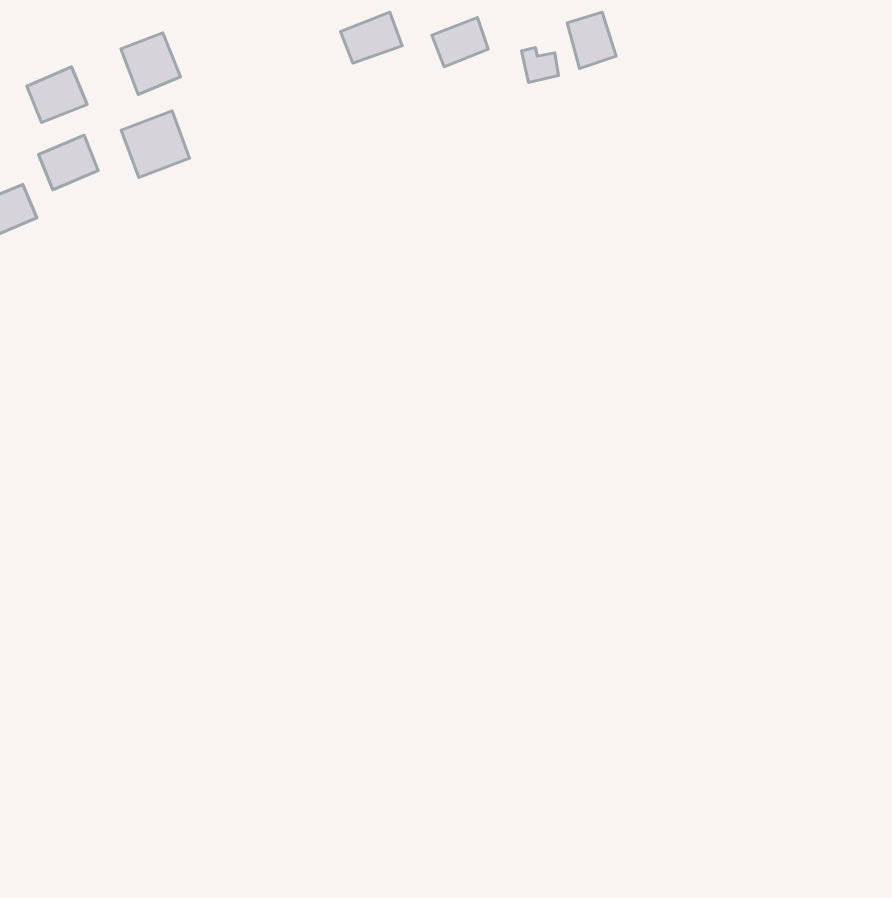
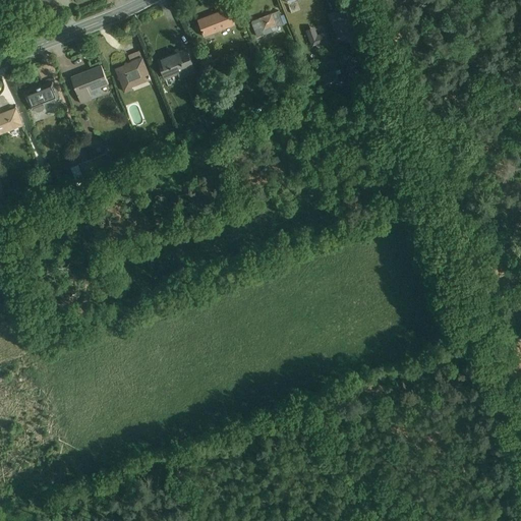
building: [121,33,180,94] -> [114,55,149,91]
building: [27,67,87,122] -> none
building: none -> [157,48,195,82]

